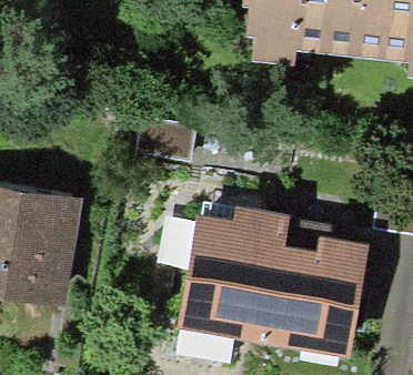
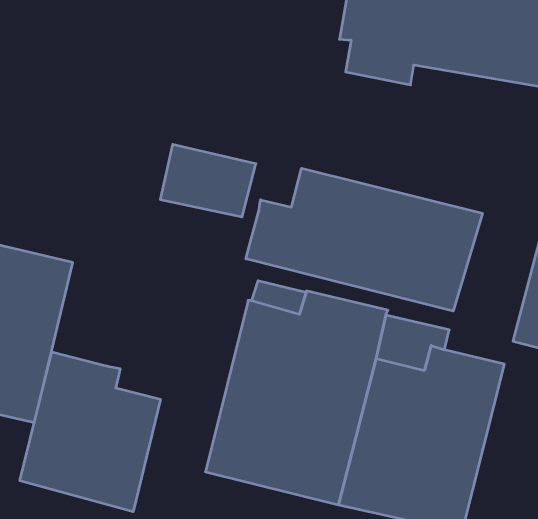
building: none -> [246,168,482,311]
building: none -> [20,352,160,512]

